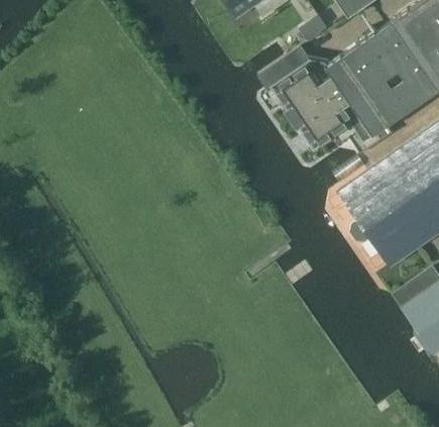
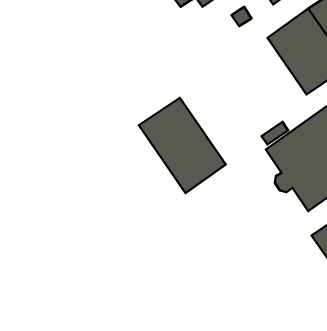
building: [259,48,388,149] -> none
building: none -> [139,98,226,193]

